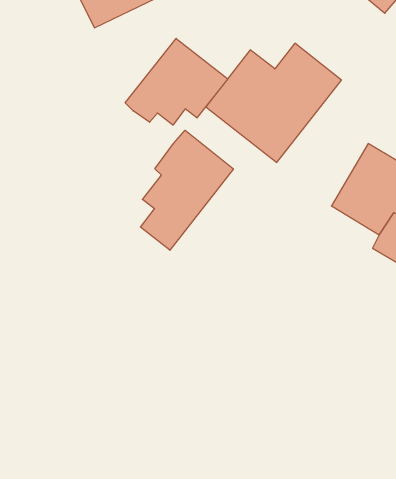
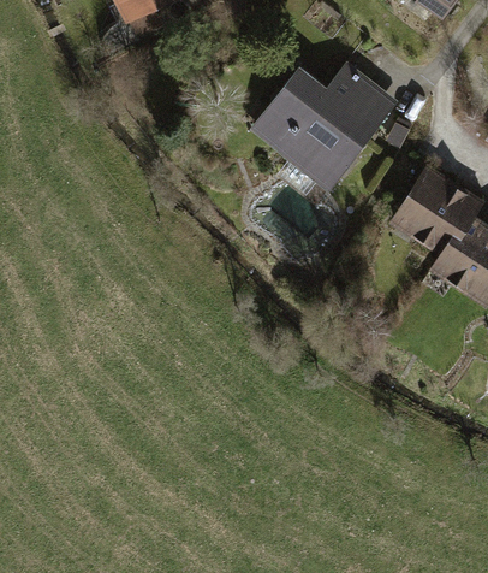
building: [125,38,228,125] -> none
building: [140,130,233,250] -> none

